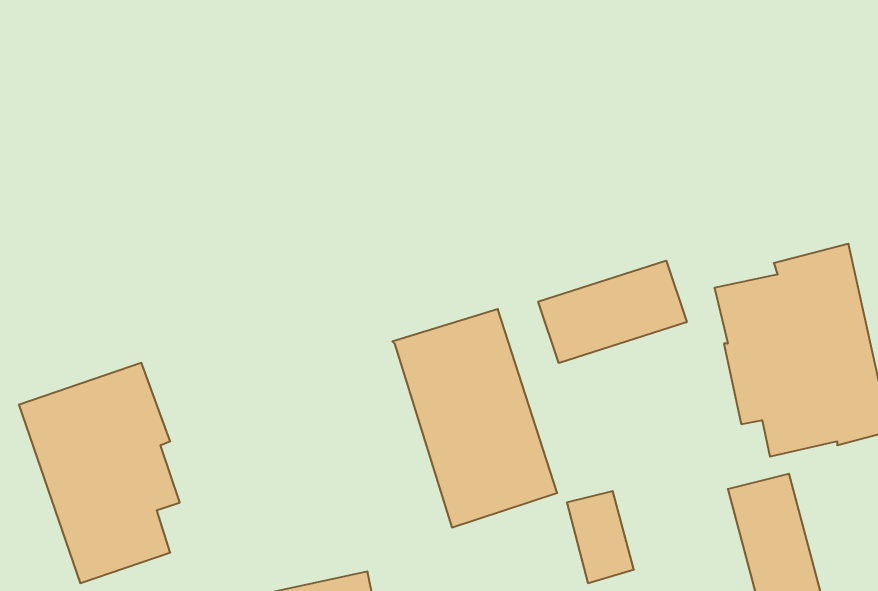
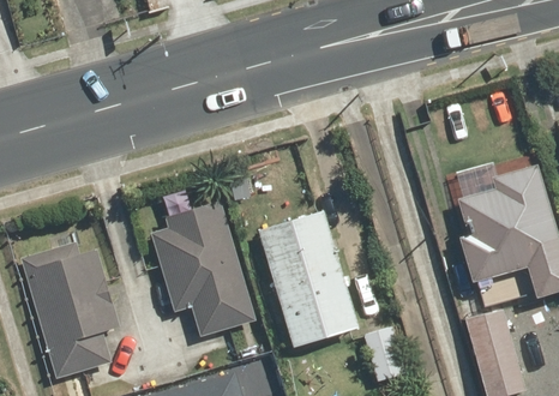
building: [538,261,687,363] -> none
building: none -> [151,197,257,338]

